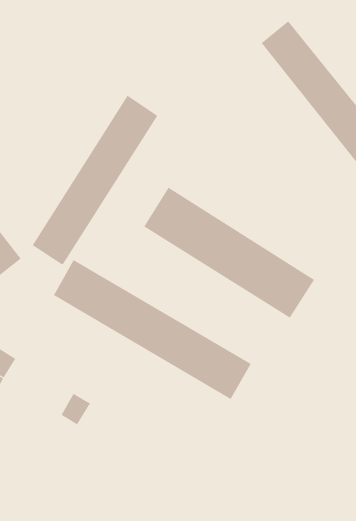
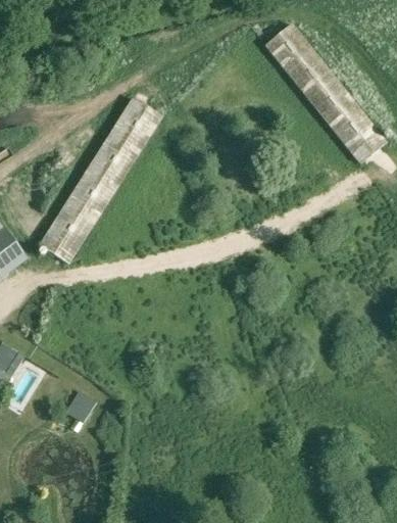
building: [143,187,315,318] -> none
building: [53,259,251,400] -> none

